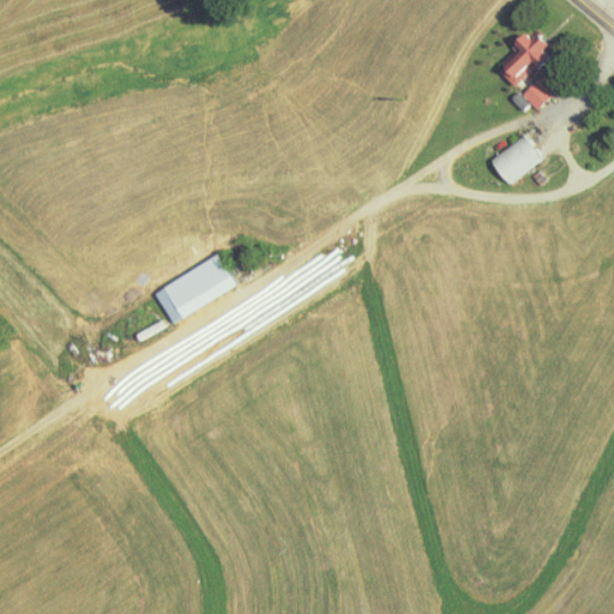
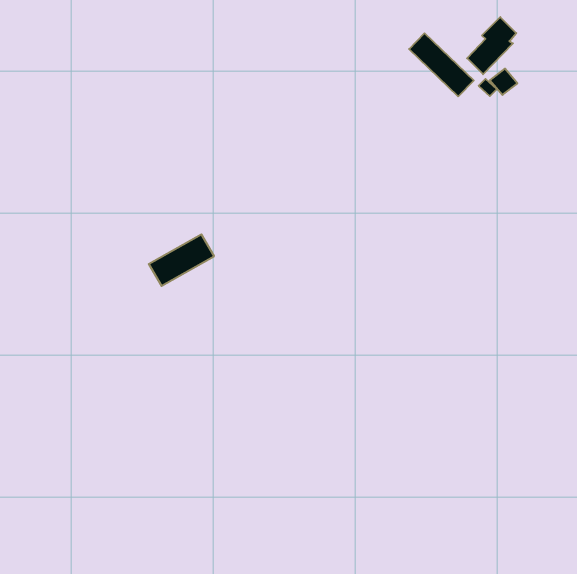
building: none -> [409,33,474,96]
building: [490,137,541,182] -> none

